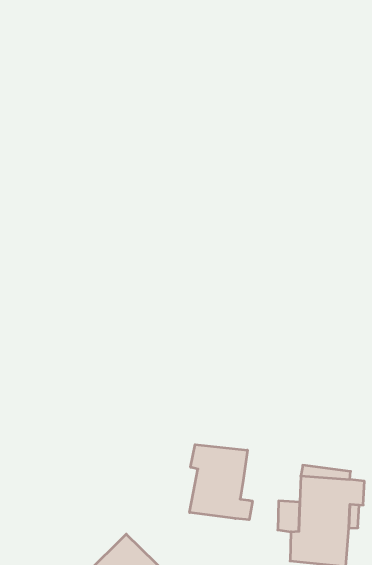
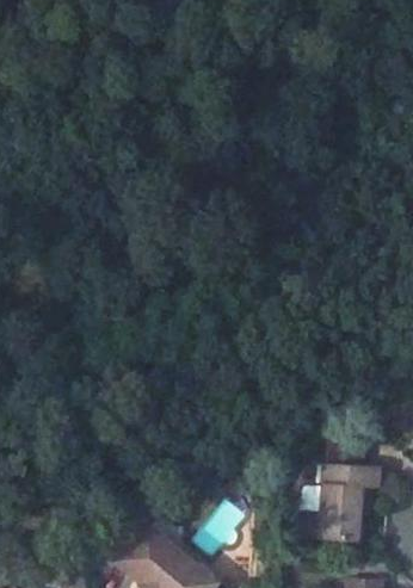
building: [190,445,252,520] -> none

